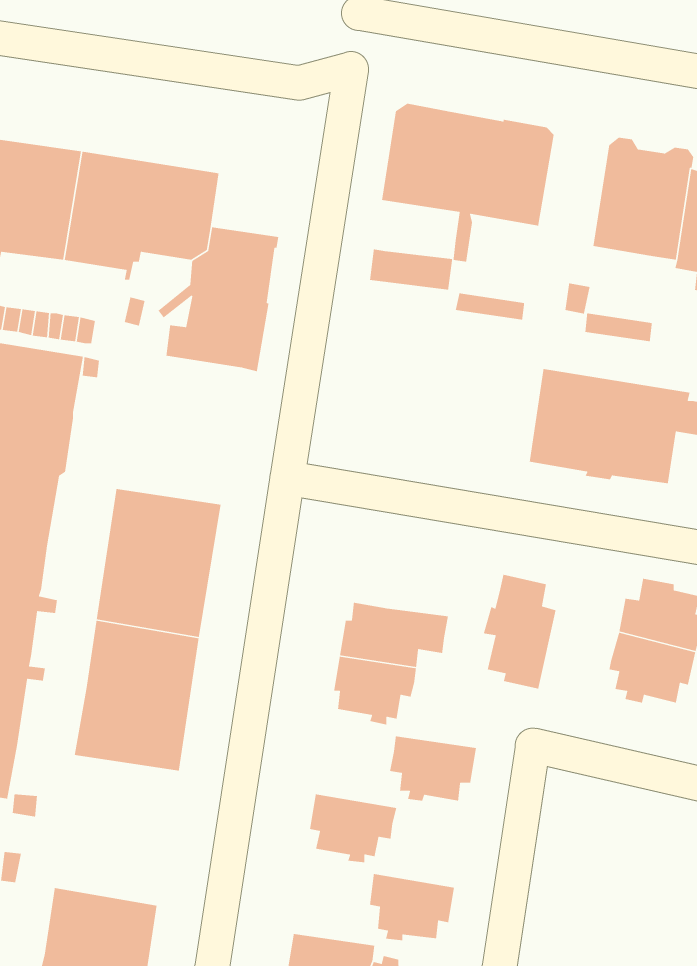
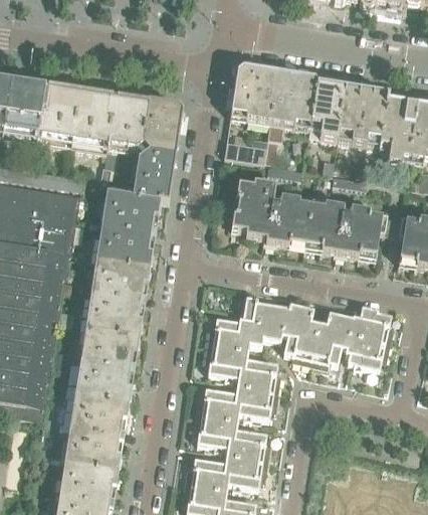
building: none -> [308,77,345,137]
building: none -> [145,99,182,132]
building: none -> [231,172,311,245]
building: none -> [96,190,160,267]
building: none -> [233,291,292,337]
building: none -> [309,310,353,364]
building: none -> [237,354,280,389]
building: none -> [197,385,240,419]
building: none -> [65,393,129,469]
building: none -> [226,424,269,460]
building: none -> [186,455,229,489]

